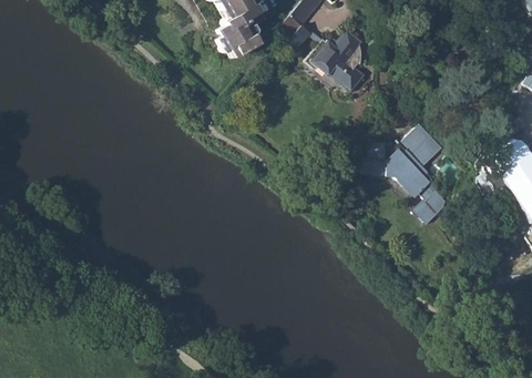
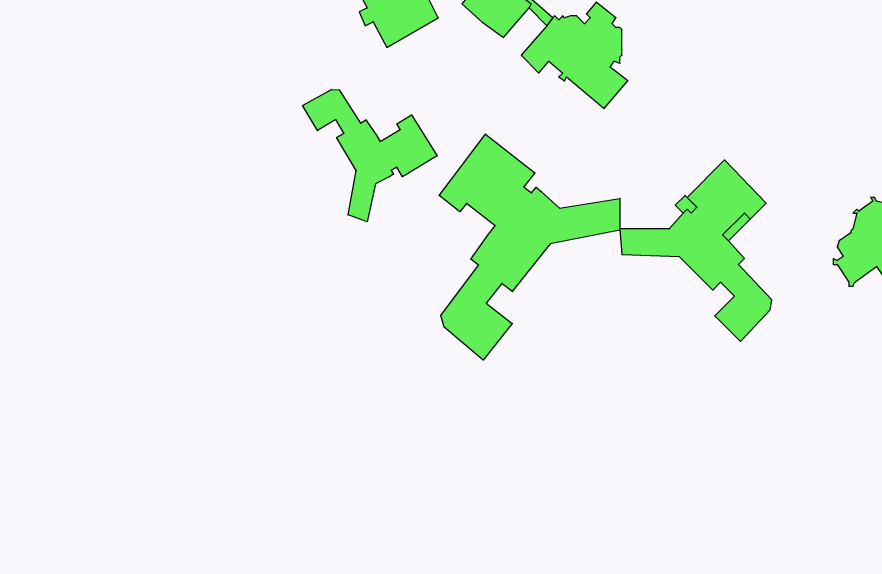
building: none -> [303,89,437,222]
building: none -> [439,134,620,360]

